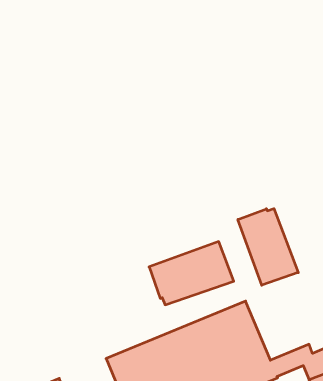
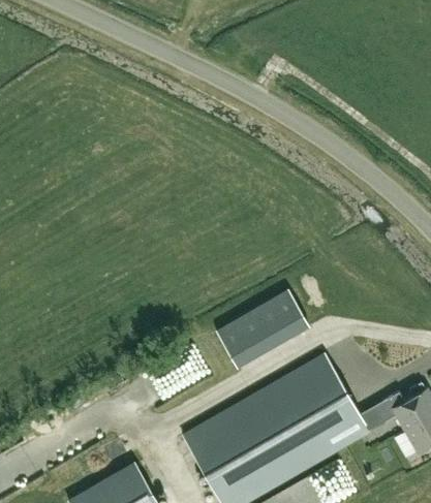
building: [238,209,298,285] -> none

